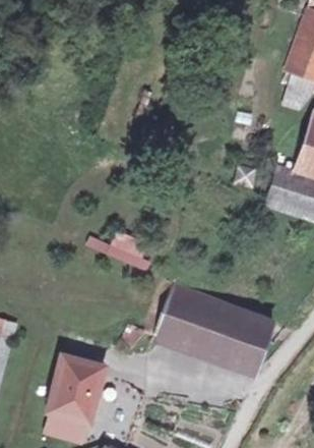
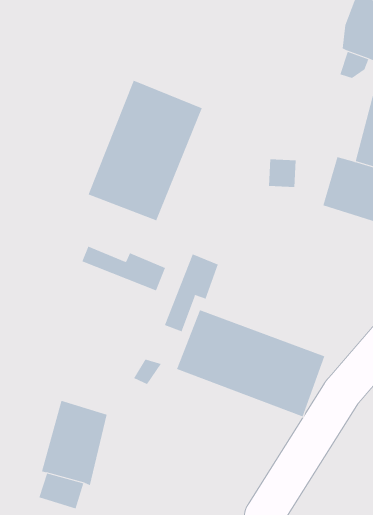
building: none -> [88,80,202,221]
building: none -> [164,254,219,332]

